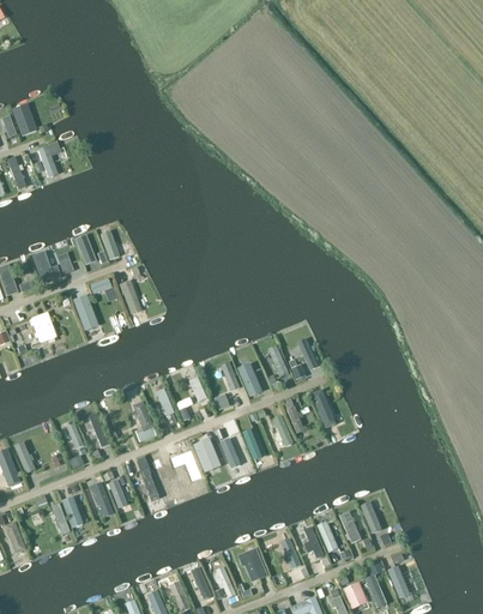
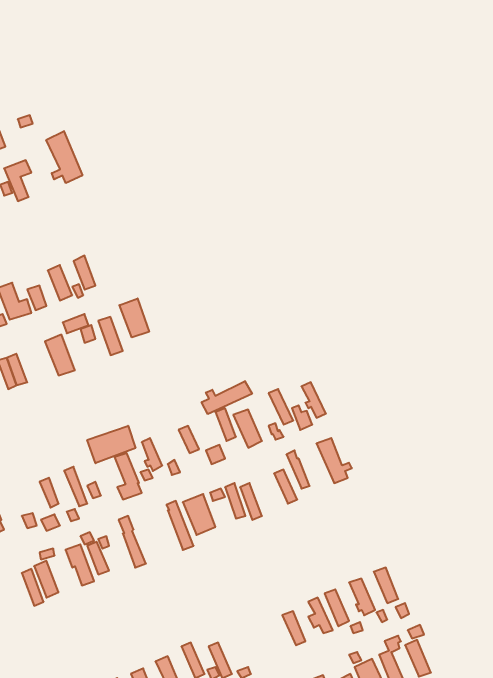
building: none -> [46,131,82,183]
building: none -> [119,298,149,337]
building: none -> [202,381,252,414]
building: none -> [87,426,135,463]
building: [239,547,268,582] -> none

